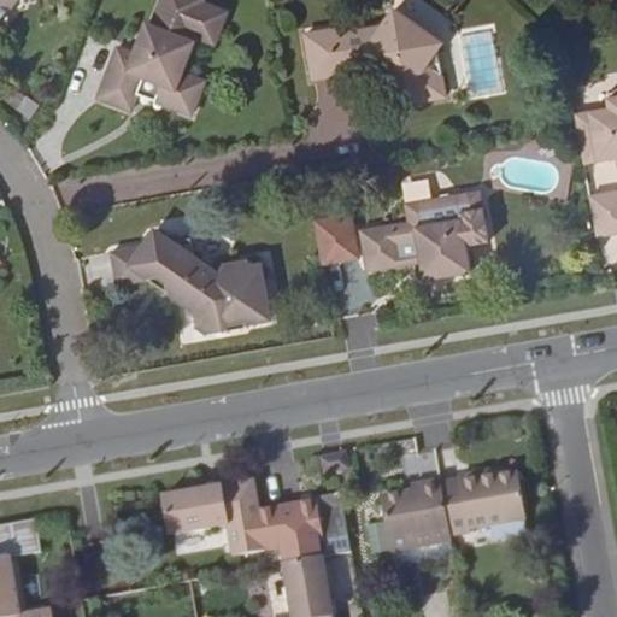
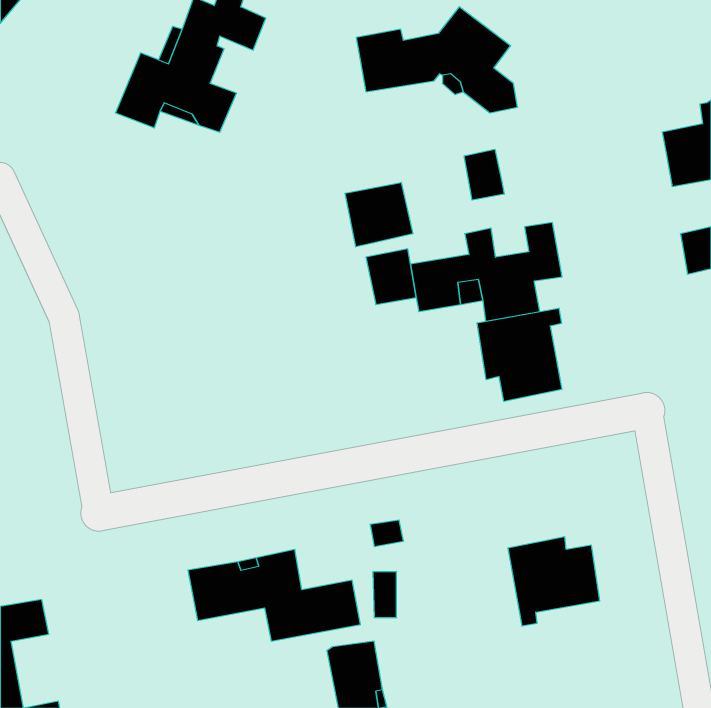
building: none -> [464,149,504,200]
building: none -> [345,182,413,247]
building: [100,222,277,335] -> none
building: none -> [477,308,562,401]
building: [378,475,452,553] -> none

